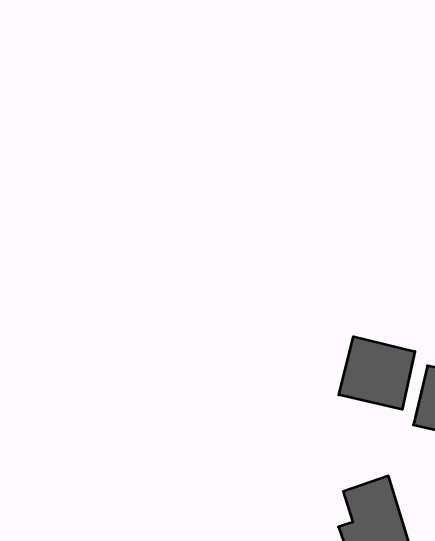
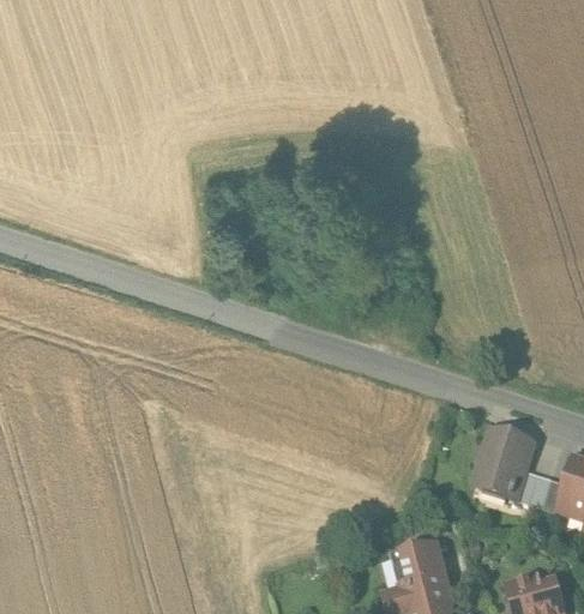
building: [339,337,415,409] -> none

